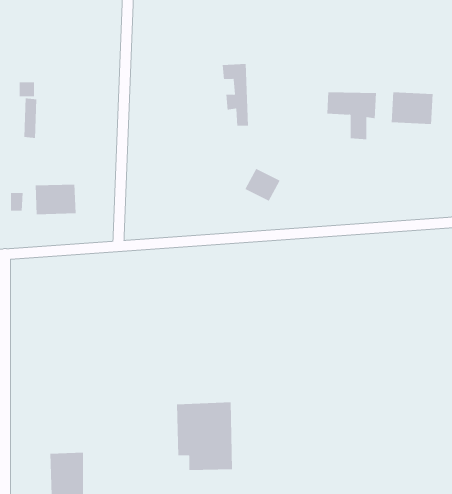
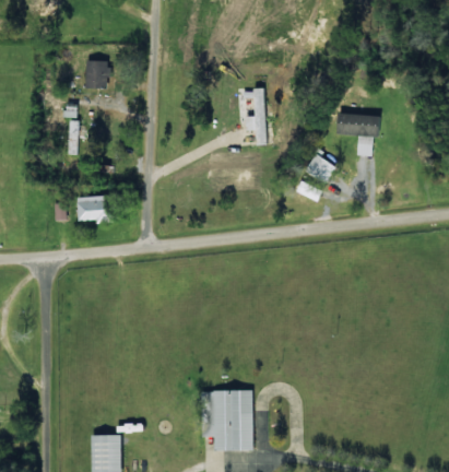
building: none -> [85,61,107,88]
building: [391,92,433,125] -> none
building: [245,168,280,201] -> [304,154,335,184]

